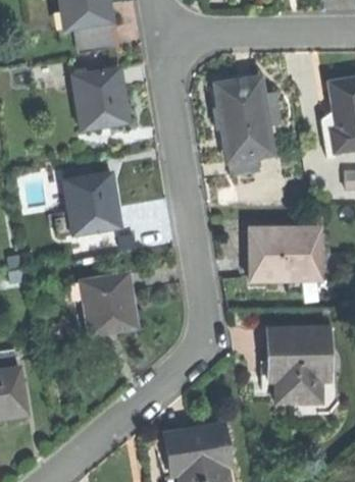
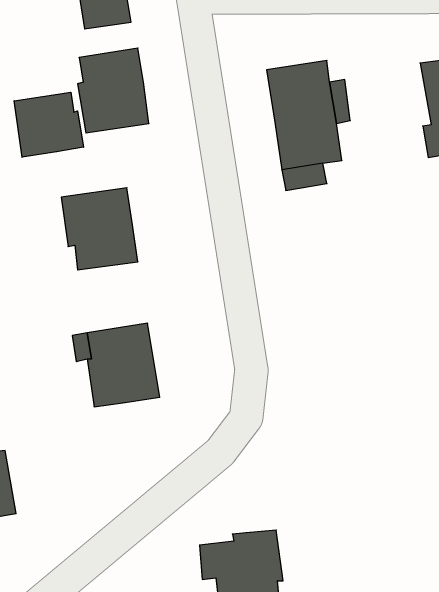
building: none -> [14,92,83,157]
building: [248,227,320,280] -> none
building: [266,327,331,404] -> none

